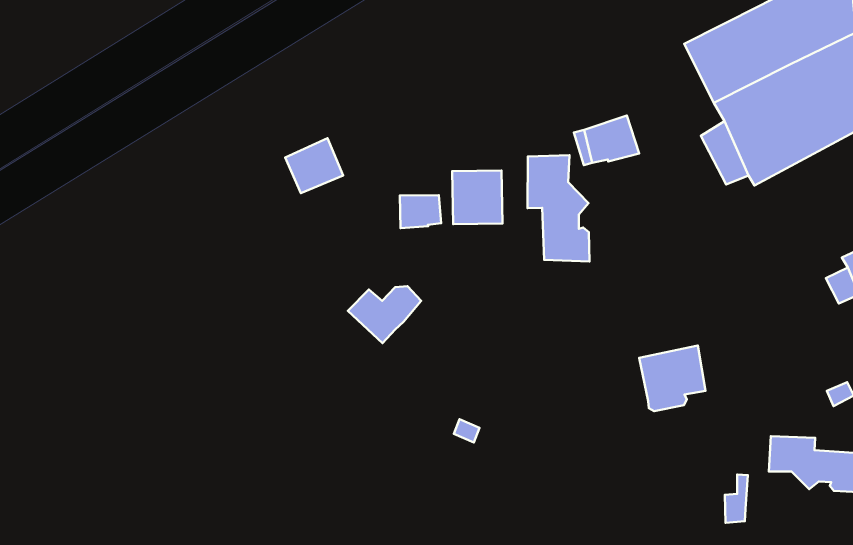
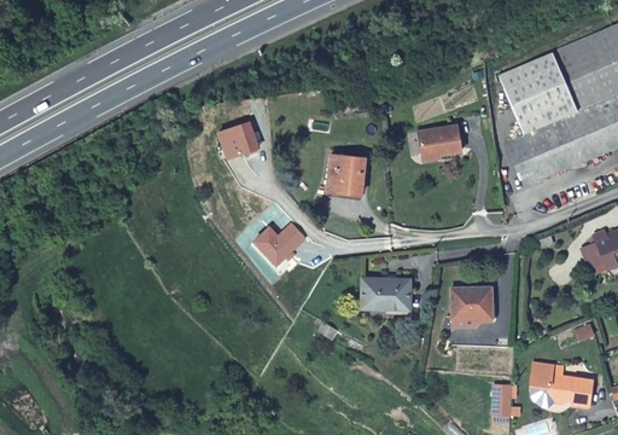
building: [528,155,589,261] -> none
building: [400,195,441,228] -> none
building: none -> [358,282,407,313]

